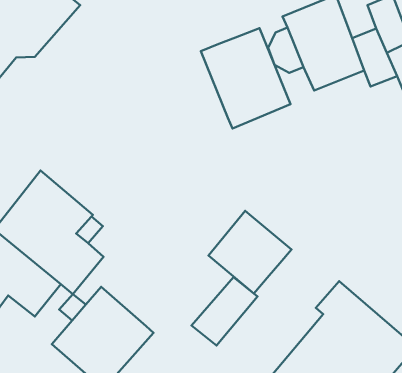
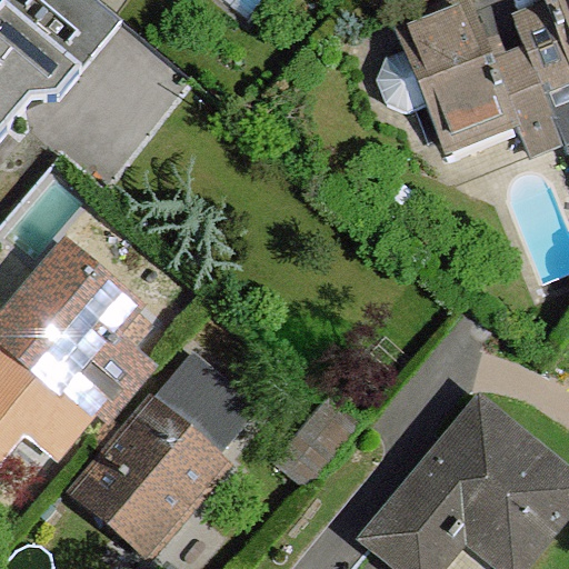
building: [201,28,291,128] -> none
building: [208,211,292,294] -> none
building: none -> [148,353,256,461]

